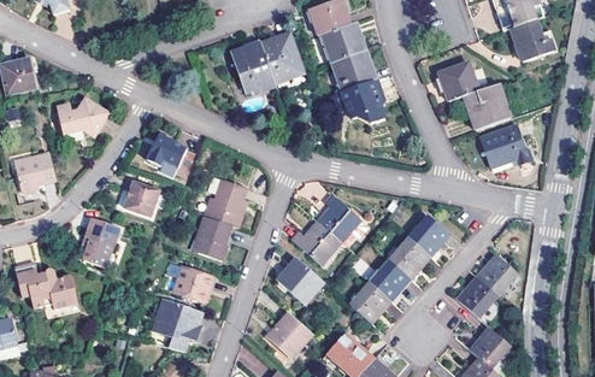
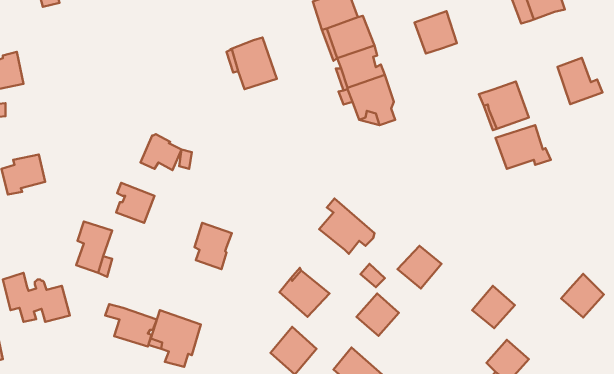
building: [511,18,553,61] -> [557,58,602,104]
building: [260,31,302,81] -> none
building: [437,60,477,100] -> [414,11,457,54]
building: [59,94,106,131] -> none
building: [204,176,246,228] -> none
building: [407,214,447,254] -> none
building: [288,222,337,264] -> none
building: [476,252,516,293] -> [561,274,604,318]
building: [367,259,408,300] -> none
building: [165,261,213,301] -> [105,304,157,346]

